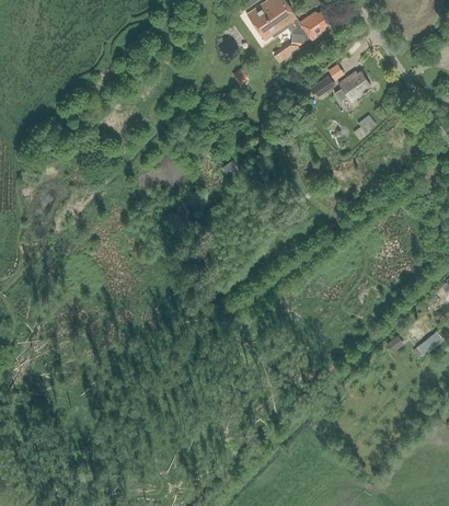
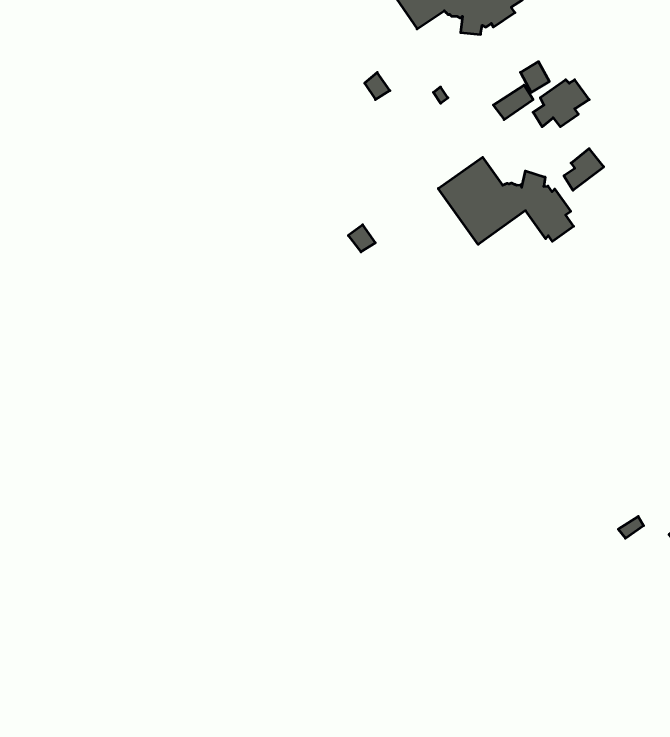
building: none -> [438,157,574,244]

